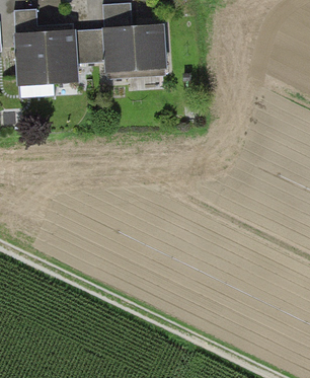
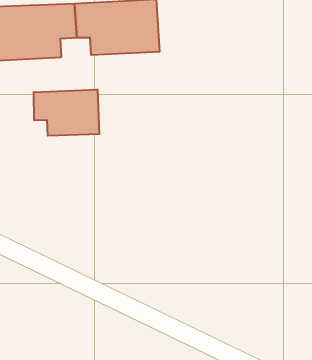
building: none -> [34,89,99,136]

